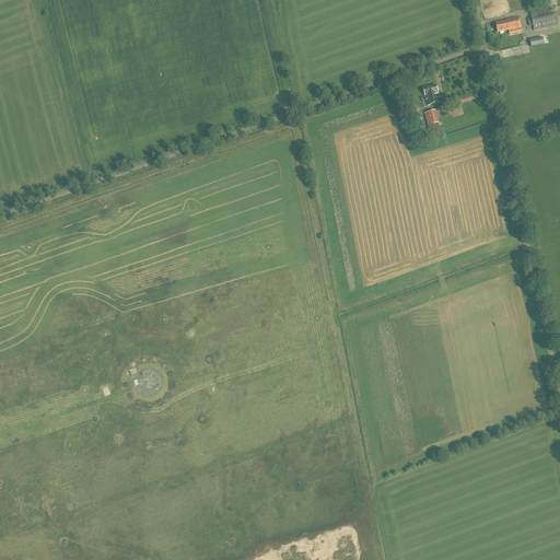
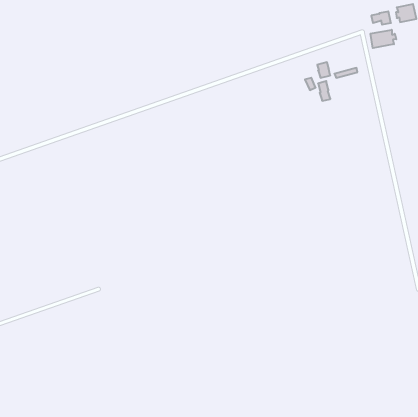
building: none -> [371,30,396,48]

